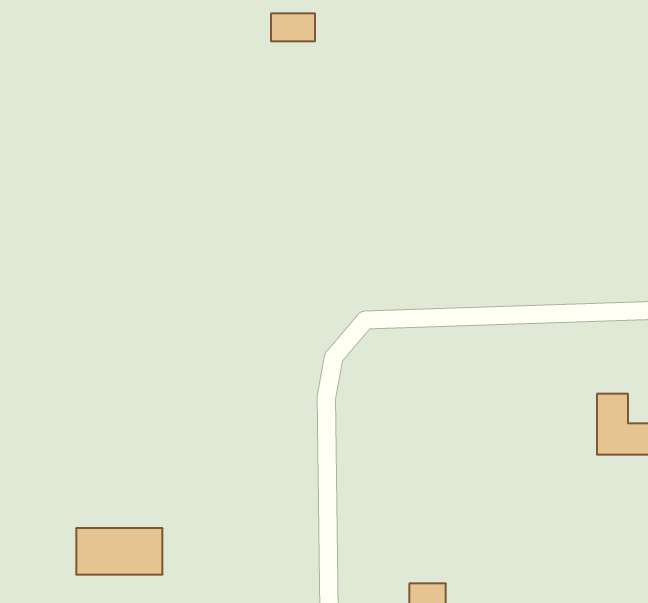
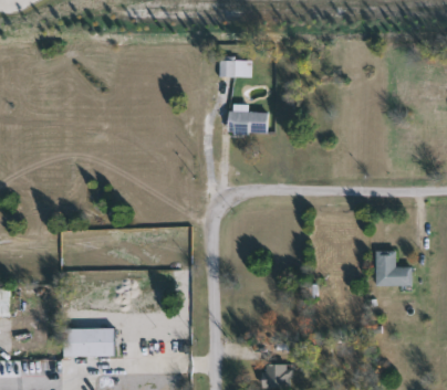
building: [271,14,315,41] -> [220,60,247,76]
building: none -> [229,110,269,134]

